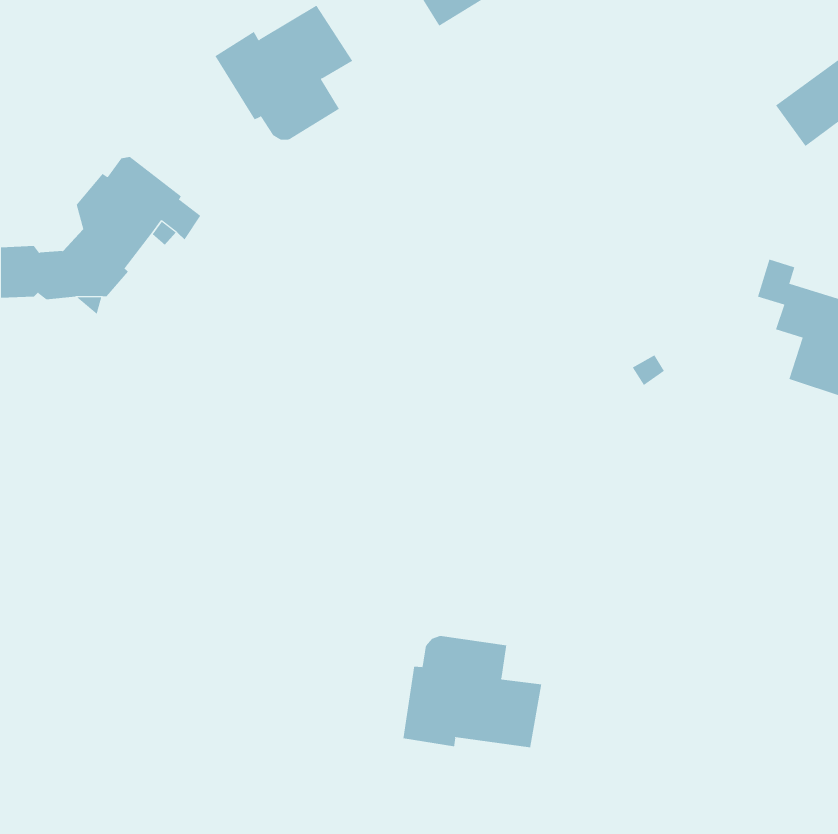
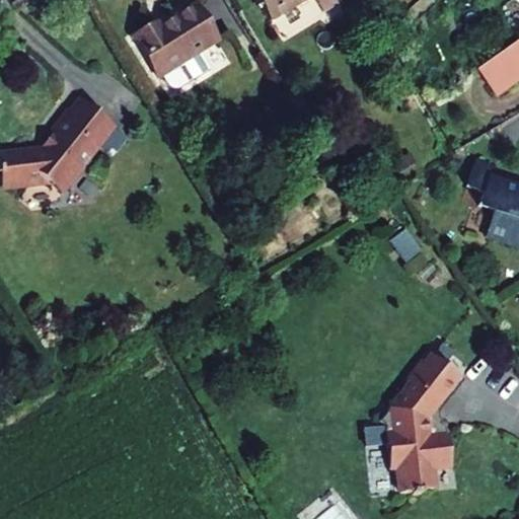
building: none -> [381,351,465,491]
building: [403,635,542,748] -> none

